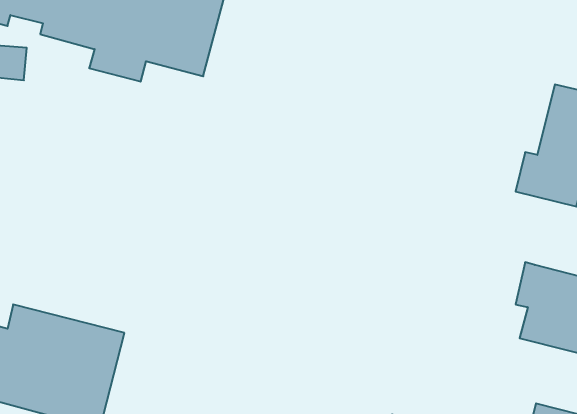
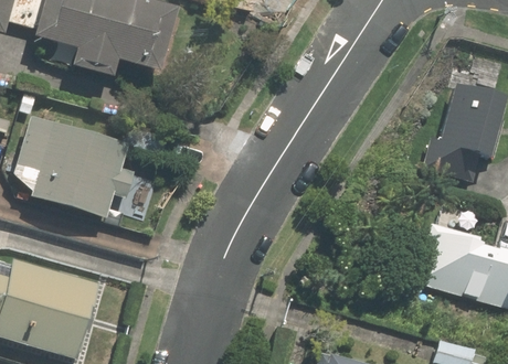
building: none -> [13,114,130,220]

